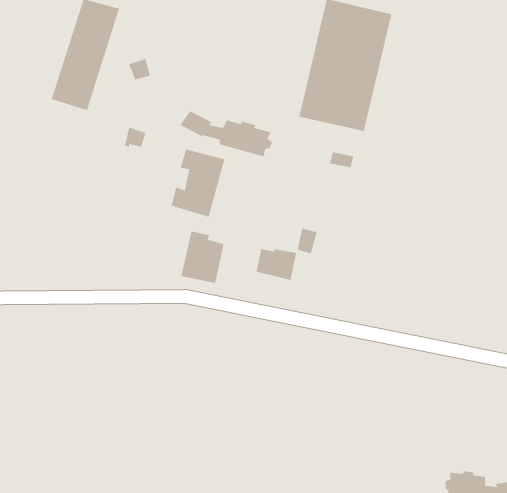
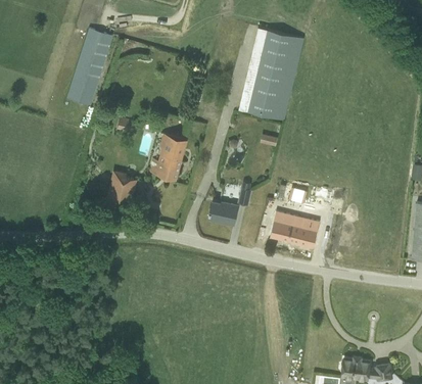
building: [179,111,273,157] -> none
building: [181,231,224,283] -> [106,171,137,207]
building: none -> [271,211,320,246]

